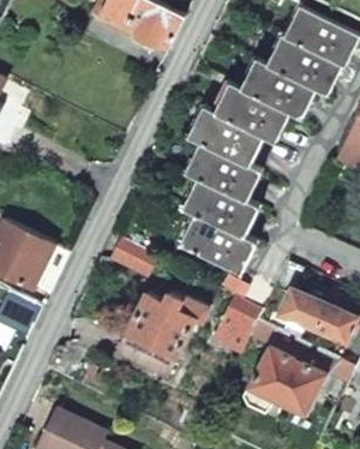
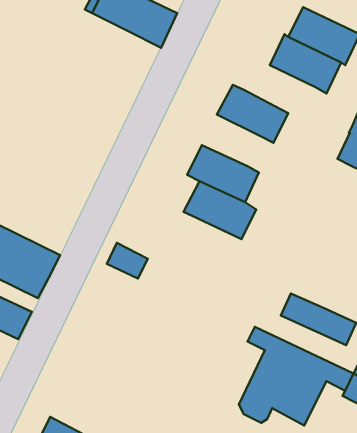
building: [246,62,316,119] -> none
building: [193,110,263,166] -> none
building: [186,216,256,271] -> none
building: [120,293,205,369] -> none
building: [209,298,259,357] -> none

